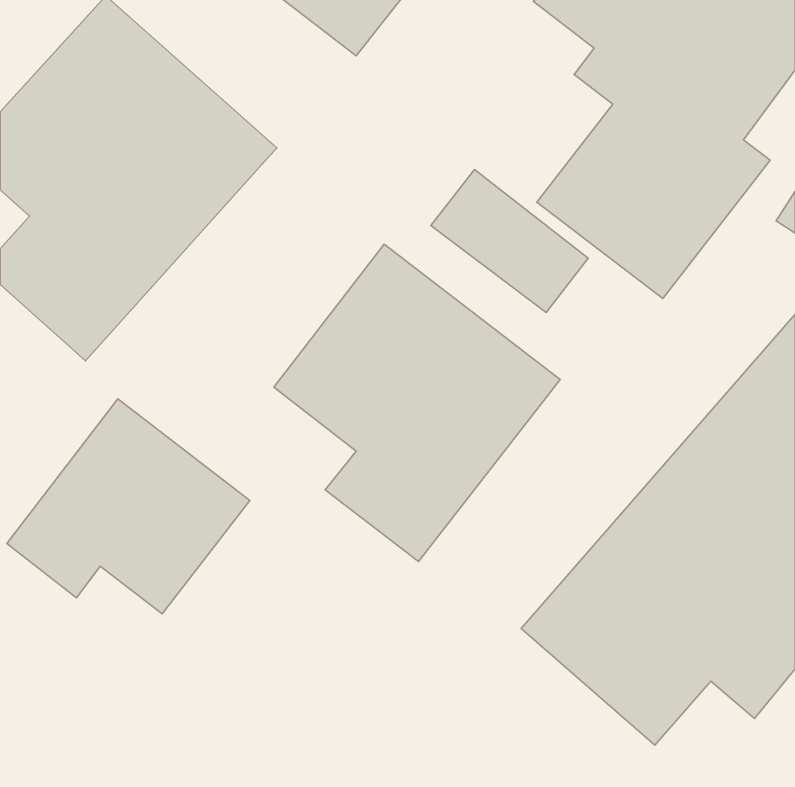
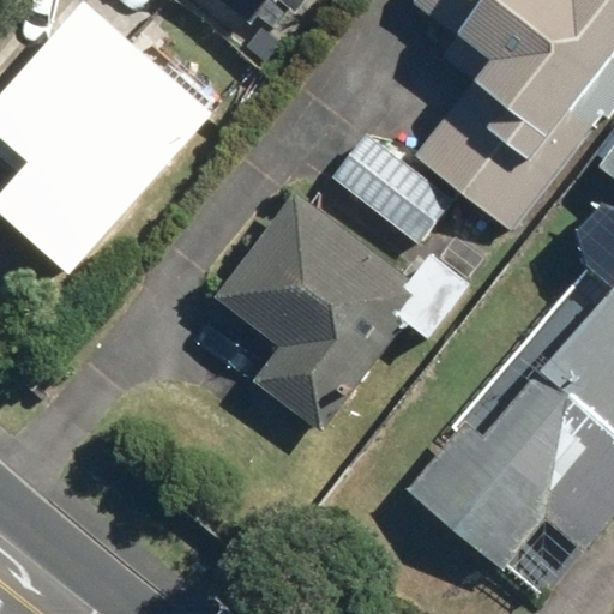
building: [7,399,250,614] -> none

